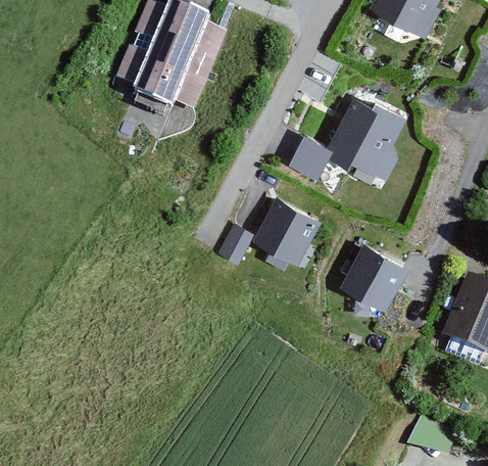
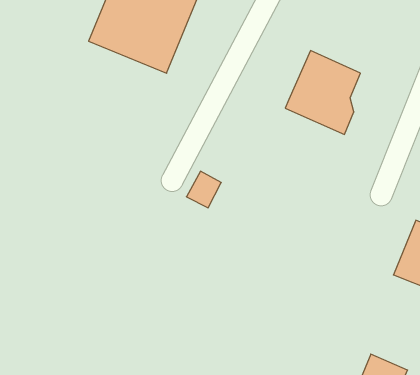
building: [290,136,327,178] -> none
building: [256,198,324,265] -> none
building: [337,245,412,316] -> none

